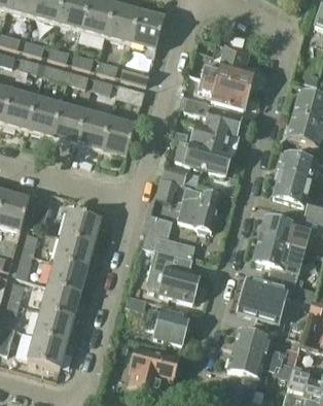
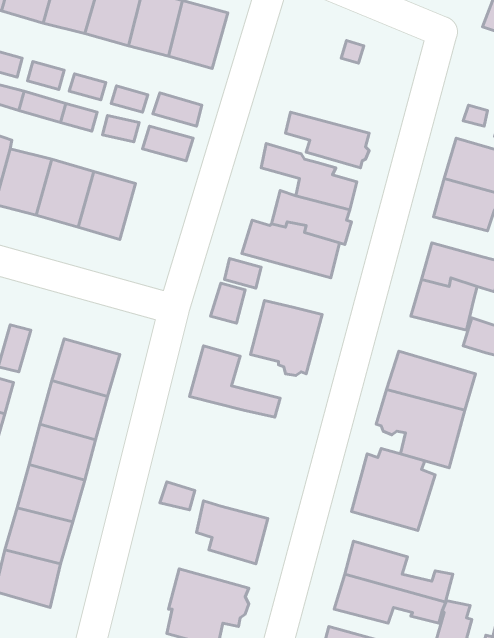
building: [202,44,254,88] -> none
building: [101,117,135,158] -> none
building: [146,247,200,301] -> none

